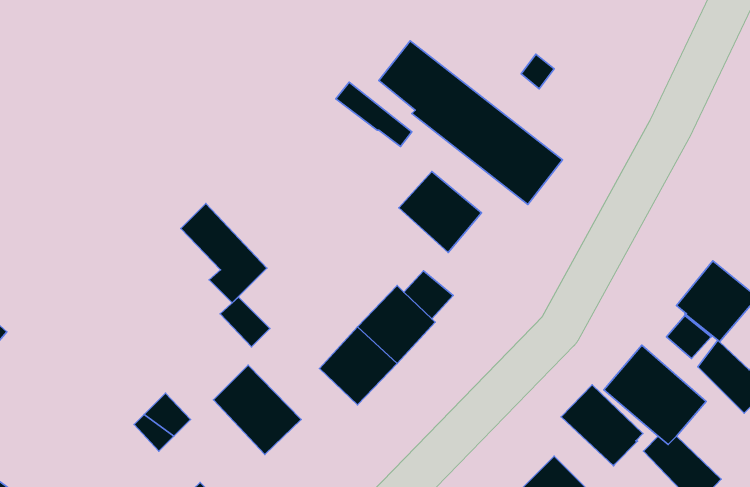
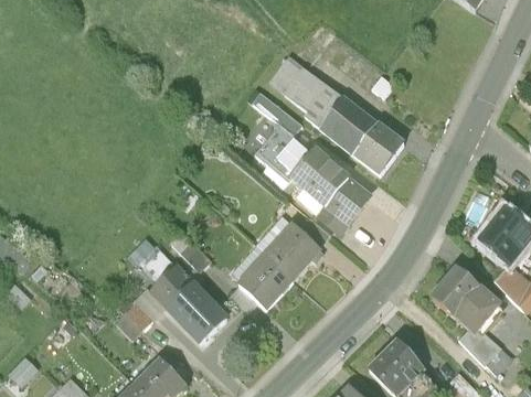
building: none -> [254,124,315,182]
building: [181,204,267,303] -> [135,237,192,303]
building: none -> [318,179,368,234]
building: [561,385,643,466] -> none

